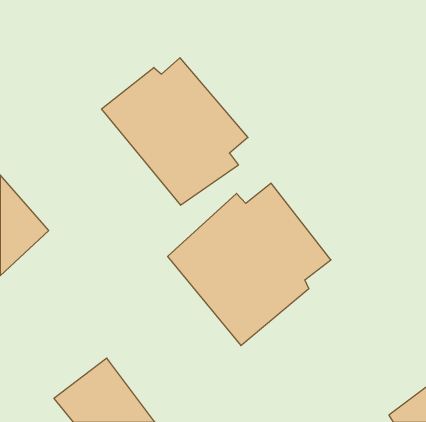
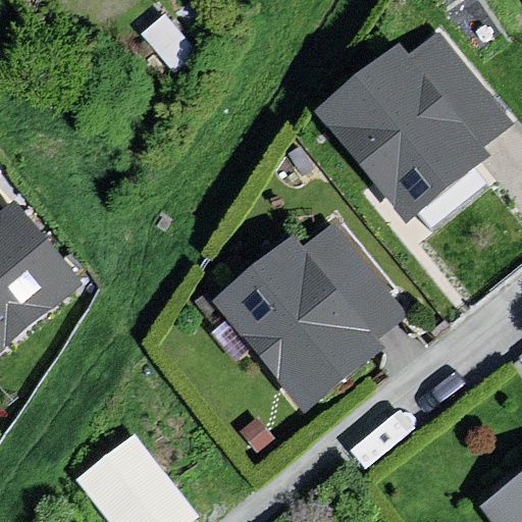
building: none -> [332,31,508,203]
building: [102,58,248,205] -> none

